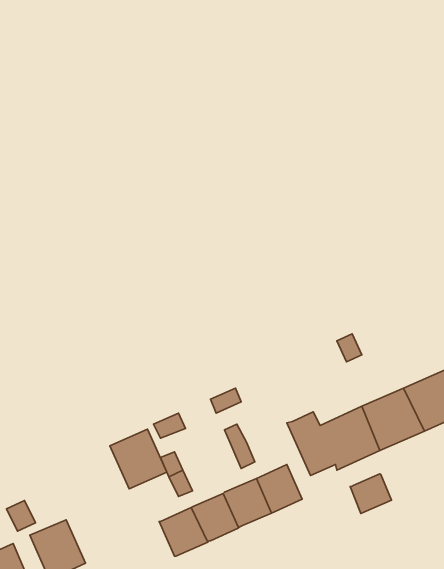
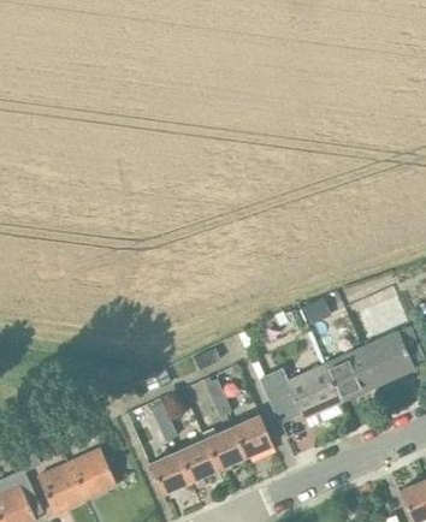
building: [110,429,167,489] -> [69,447,118,499]
building: [350,474,391,513] -> none

